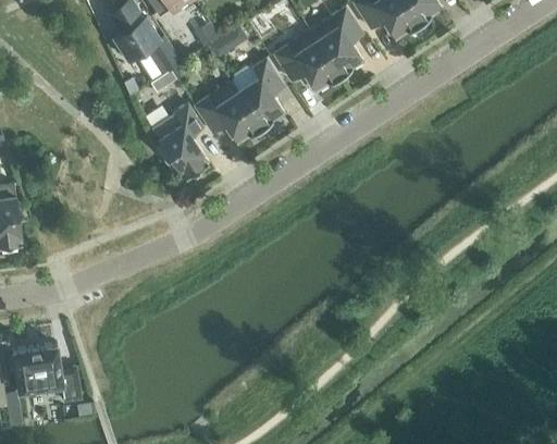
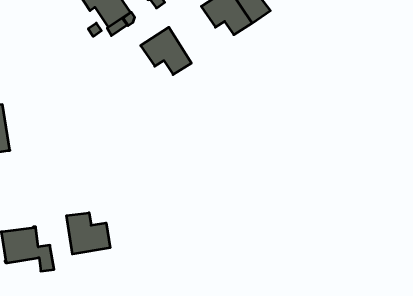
building: [231,59,284,128] -> none
building: [150,103,208,177] -> none
building: none -> [67,213,110,254]

